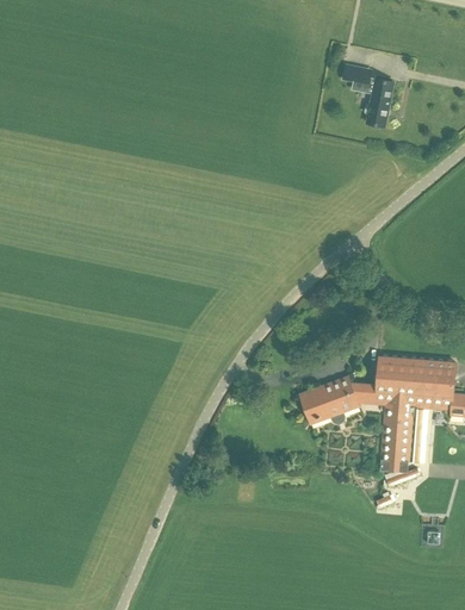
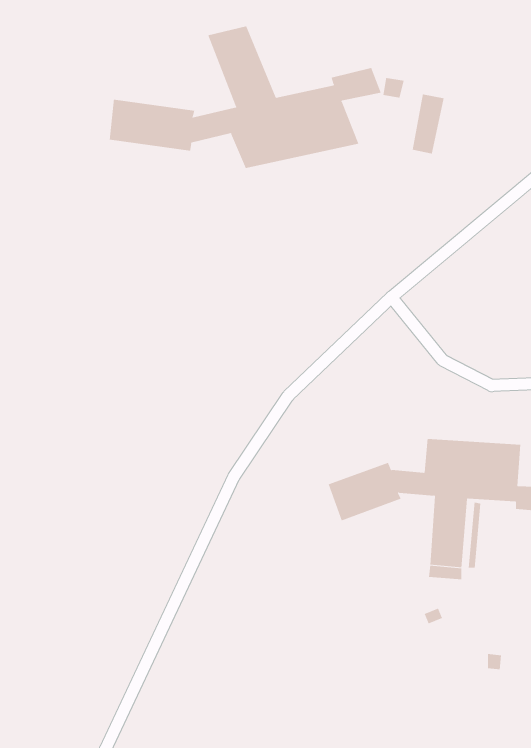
building: none -> [109,25,381,169]

